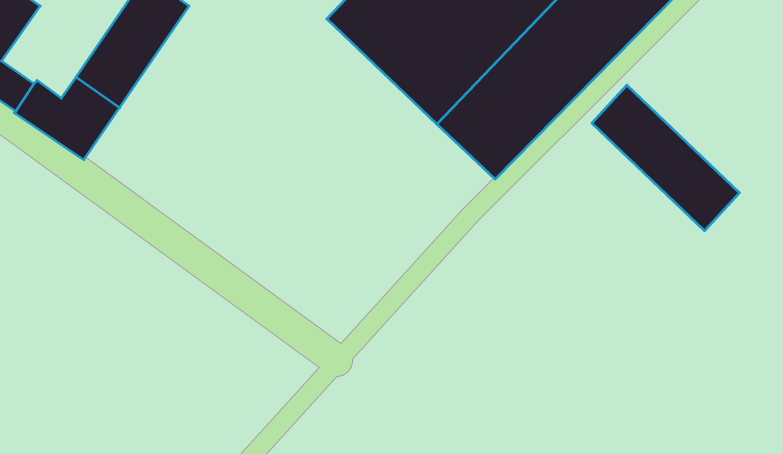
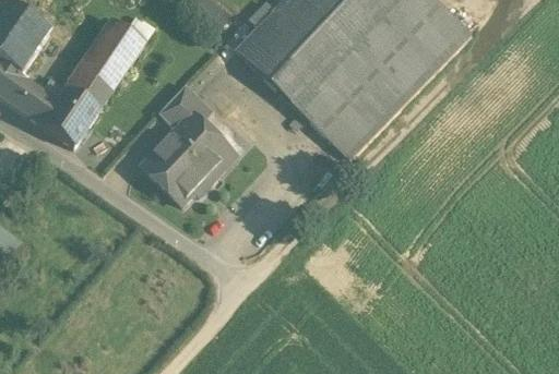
building: none -> [142,82,231,202]
building: [592,85,739,231] -> none

